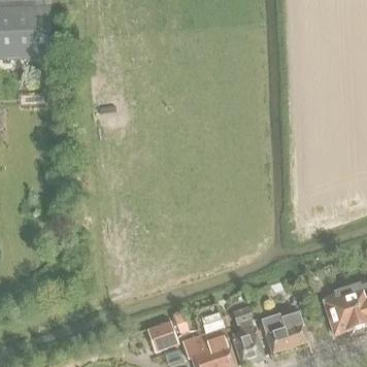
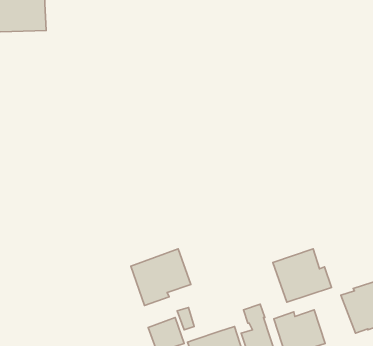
building: none -> [273,249,331,302]
building: none -> [131,249,191,306]

